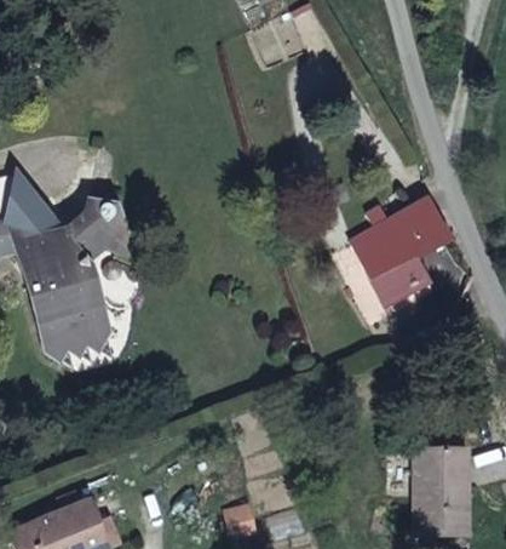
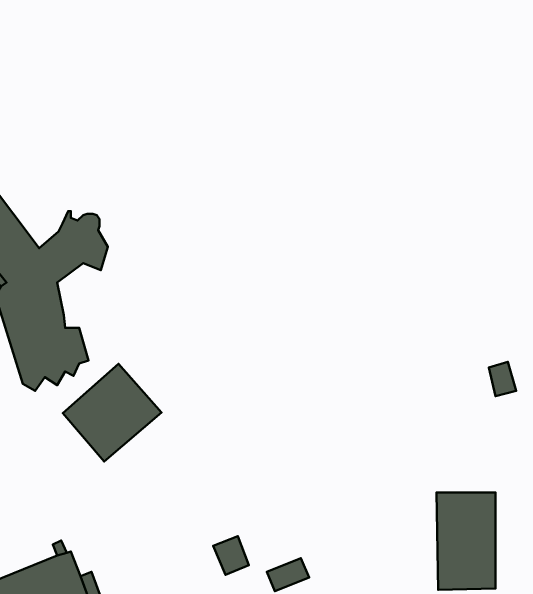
building: [357,200,447,301] -> none
building: none -> [63,364,162,461]

